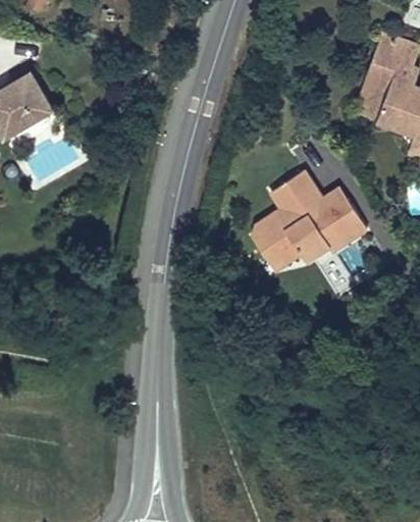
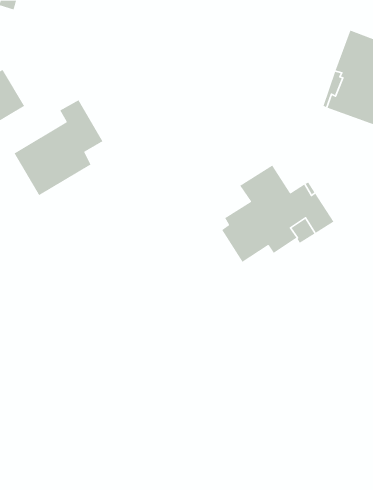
building: none -> [13,99,104,196]

